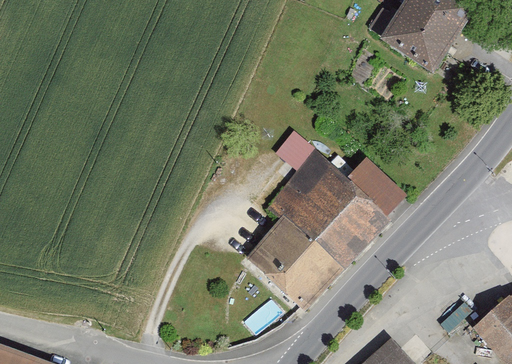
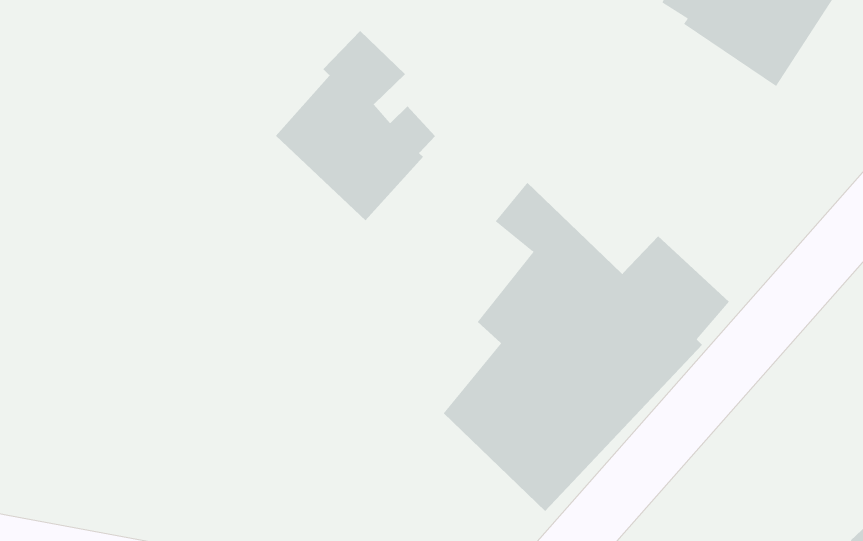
building: none -> [275,30,436,221]

